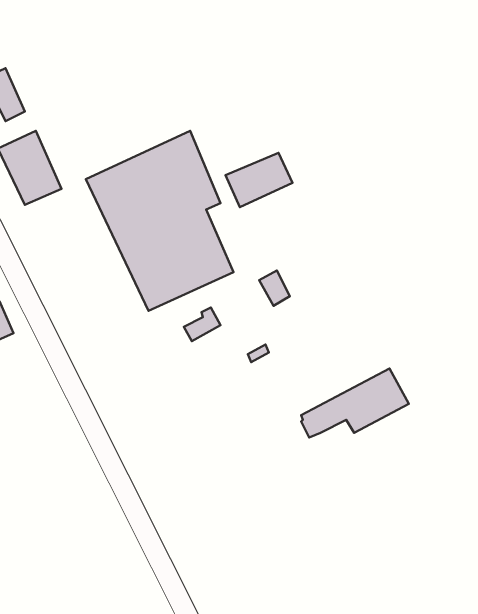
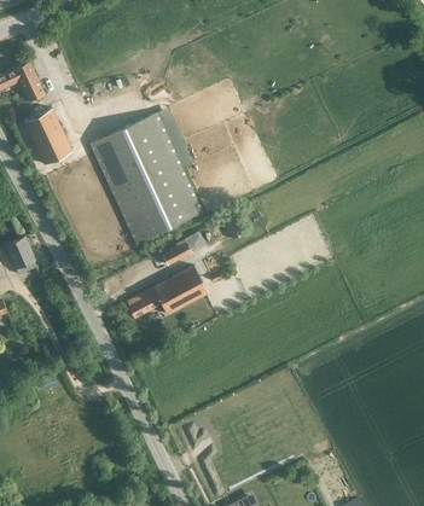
building: [226,153,293,207] -> none
building: [301,369,409,438] -> [127,268,208,320]

